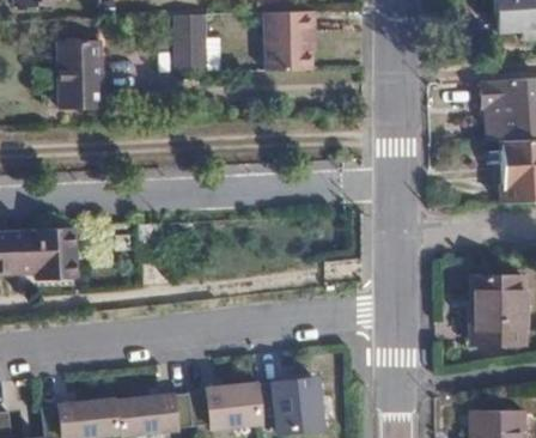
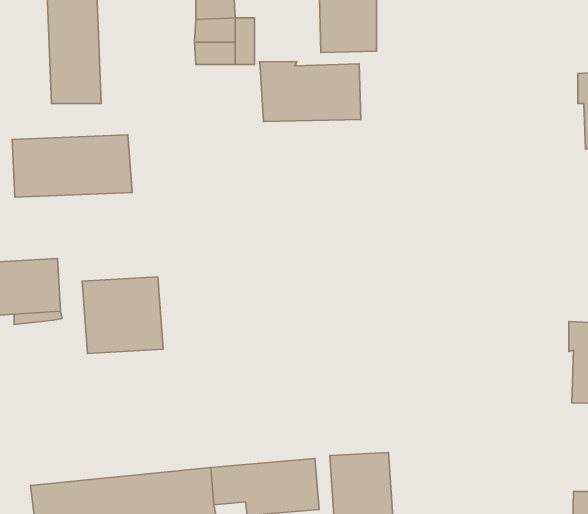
building: none -> [260,62,361,122]
building: none -> [12,135,132,197]
building: none -> [82,277,163,354]

